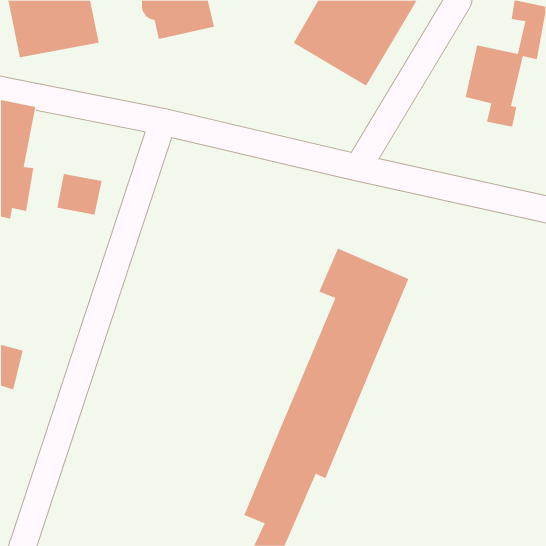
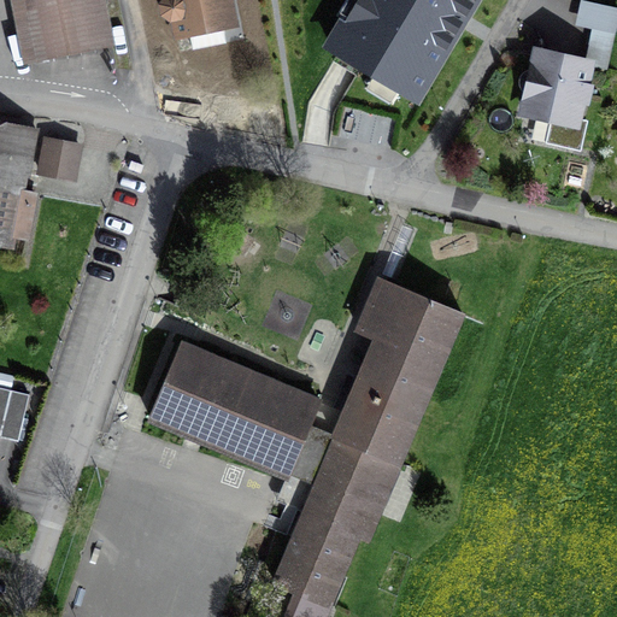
building: [57,173,103,215] -> [33,133,84,180]
building: none -> [148,341,334,476]

